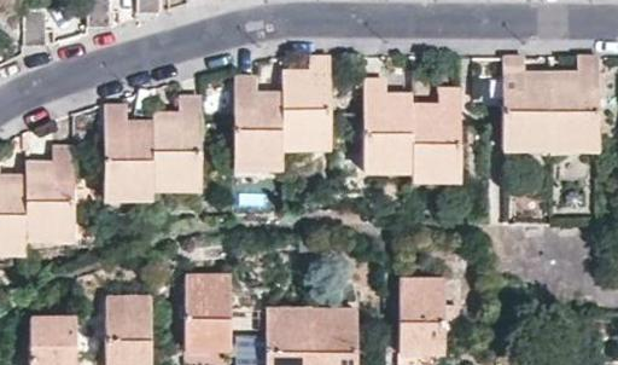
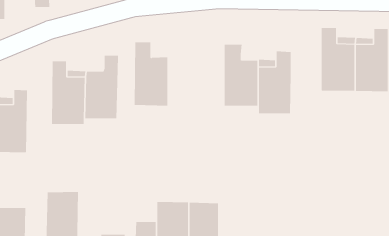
building: [282,57,332,146] -> none
building: [186,274,232,347] -> none
building: [400,280,444,353] -> none

